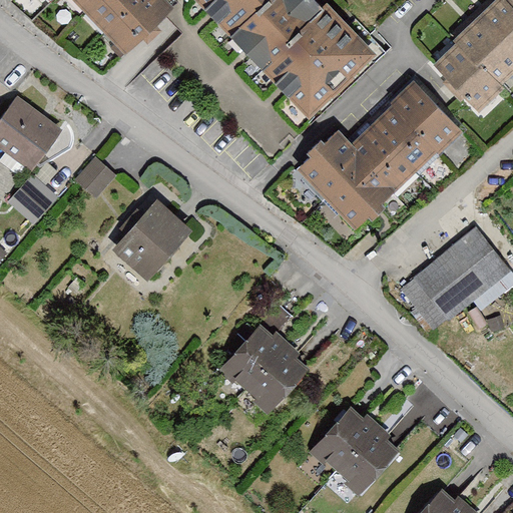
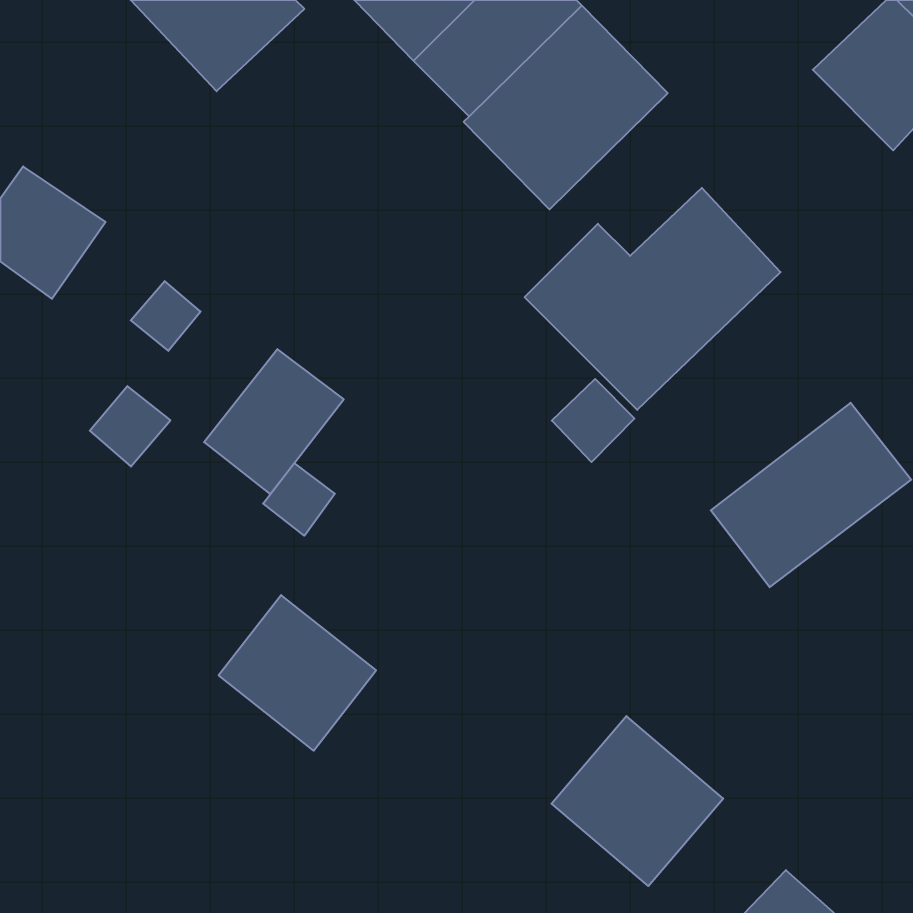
building: [436,40,501,105] -> none
building: [394,82,463,153] -> none
building: [12,178,57,223] -> [90,386,170,467]
building: none -> [552,379,634,462]
building: none -> [263,463,335,536]
building: [218,326,307,413] -> [219,595,376,751]

